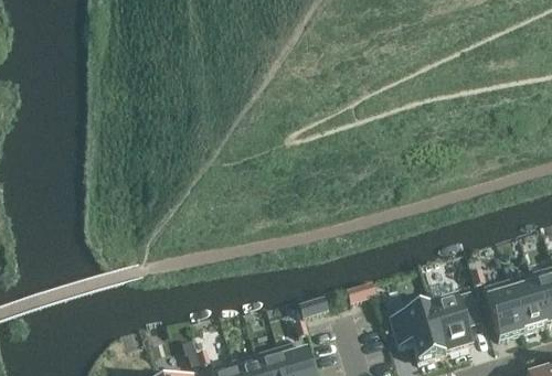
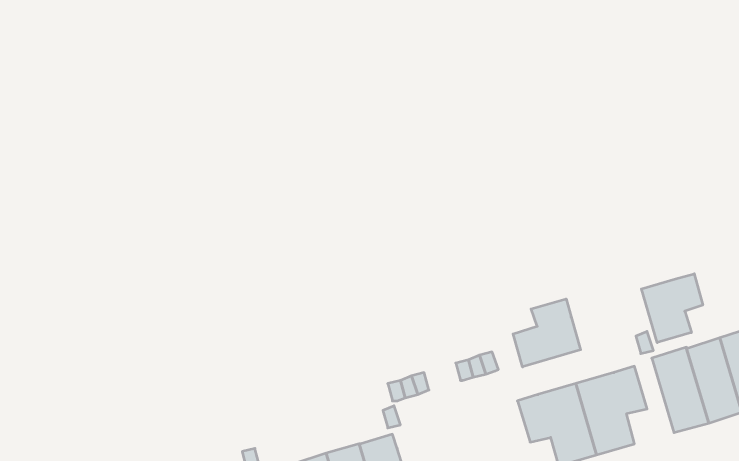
building: none -> [641,274,703,343]
building: none -> [513,299,581,367]

